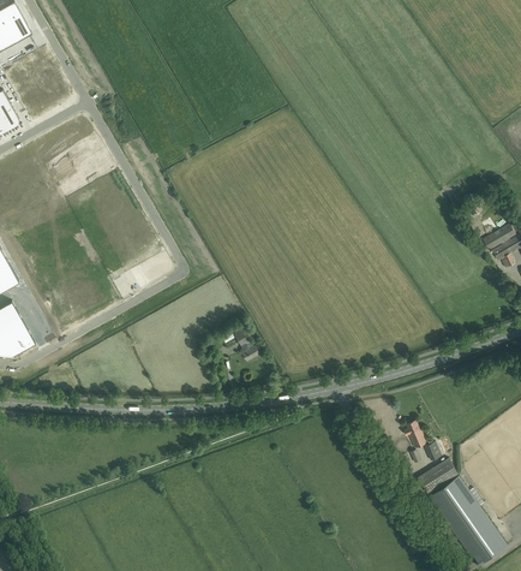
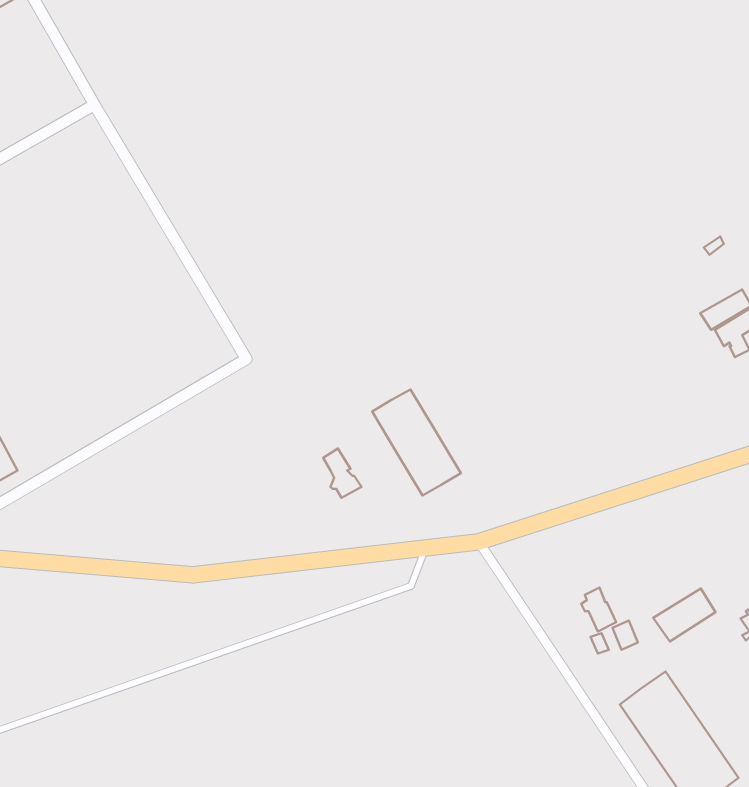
building: none -> [372,390,461,495]
building: [417,459,457,494] -> [653,589,715,642]

